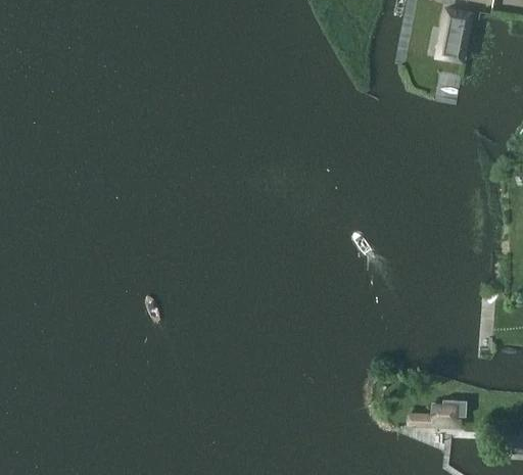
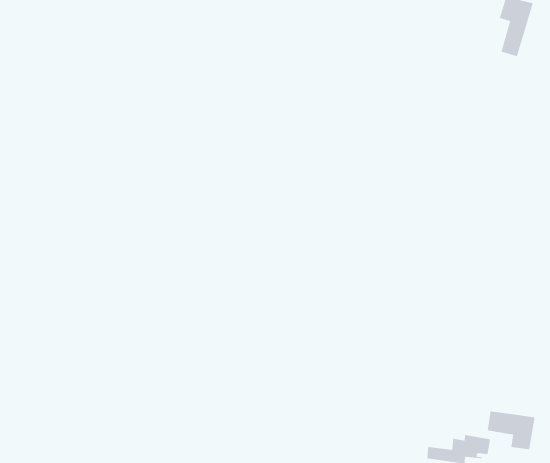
building: none -> [487,411,536,450]

